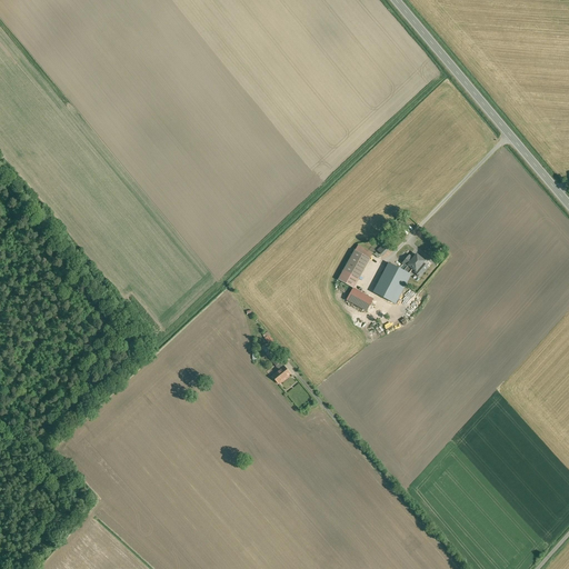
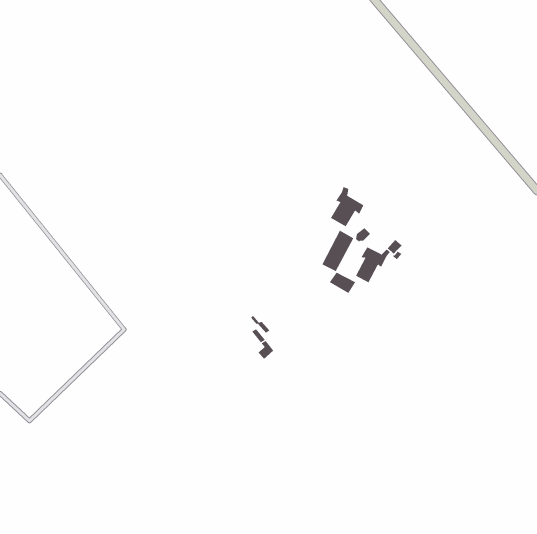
building: none -> [330,186,364,227]

